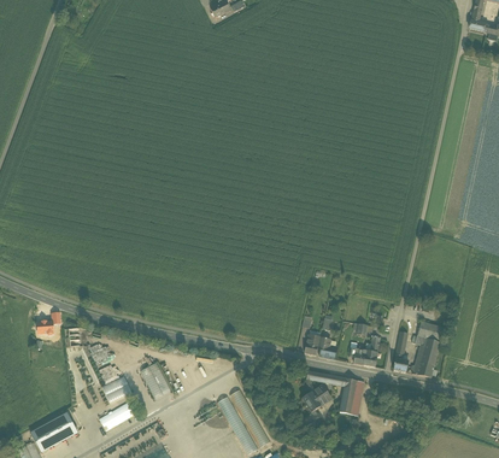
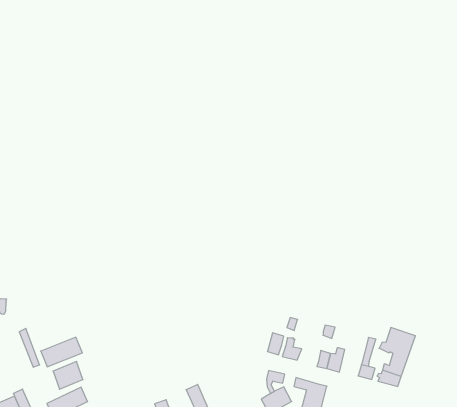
building: [140,362,170,398] -> none

